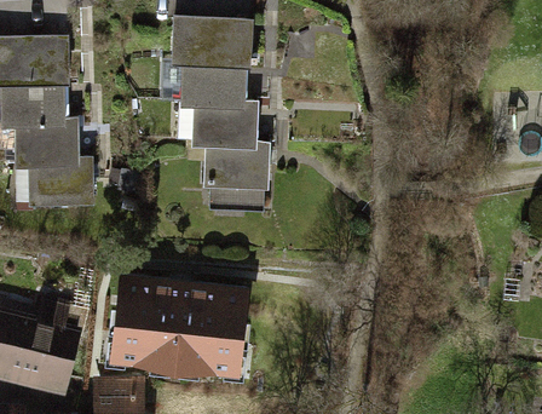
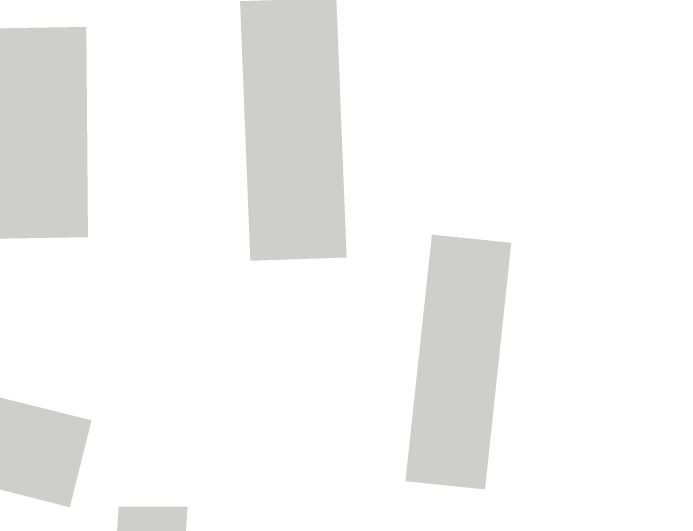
building: none -> [405,234,512,490]
building: [100,271,241,375] -> none

